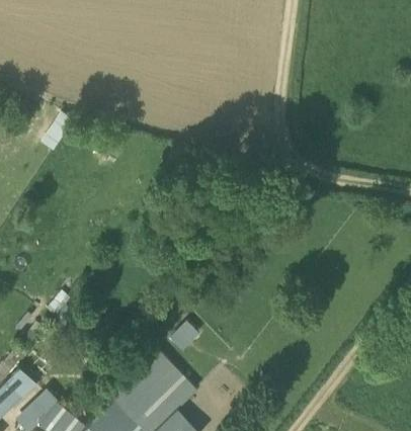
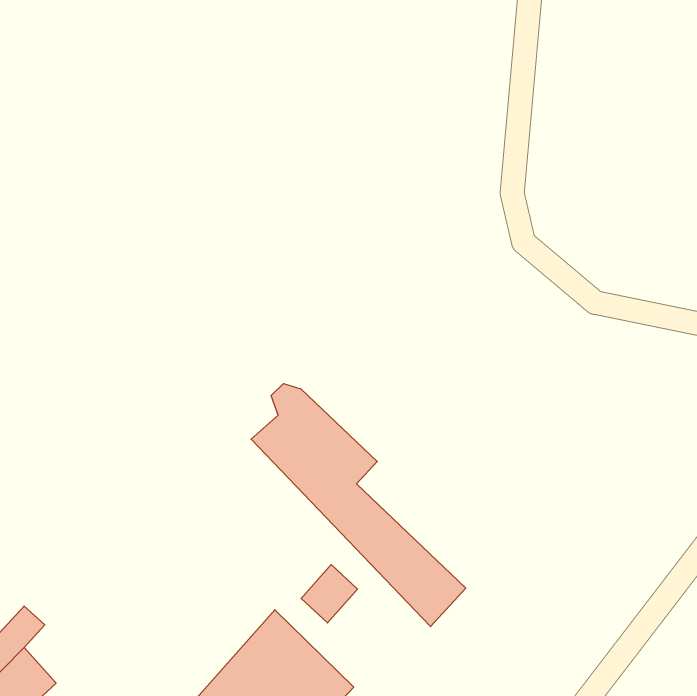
building: none -> [251,384,466,627]

